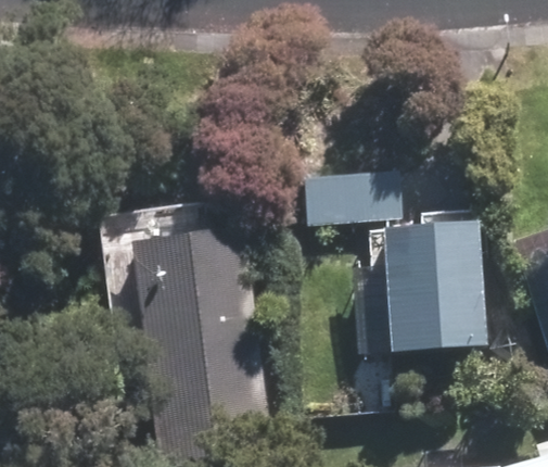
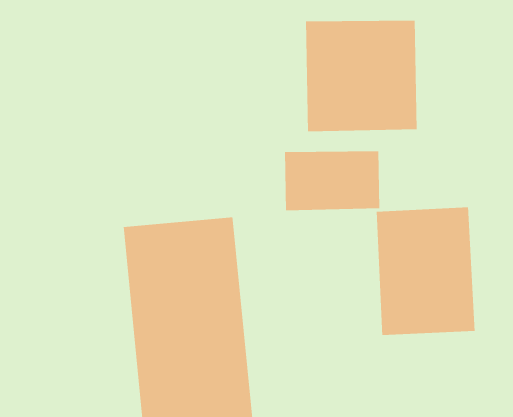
building: none -> [305,20,418,132]

